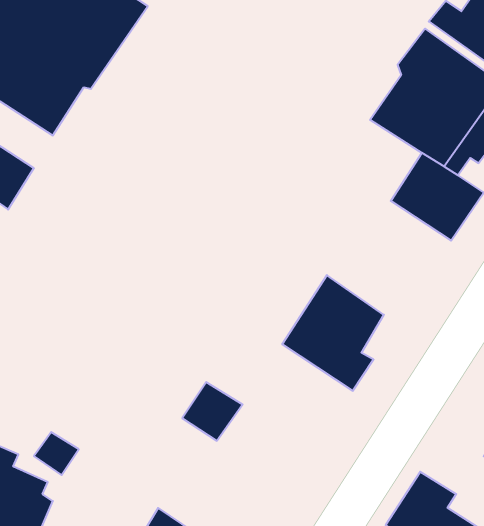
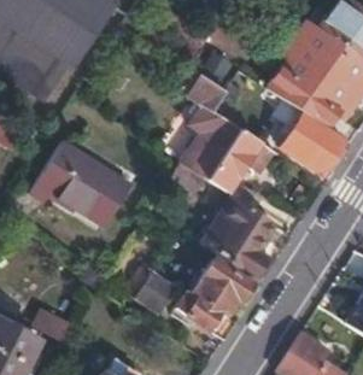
building: none -> [180,68,277,191]
building: none -> [30,140,130,224]
building: none -> [177,259,251,340]

